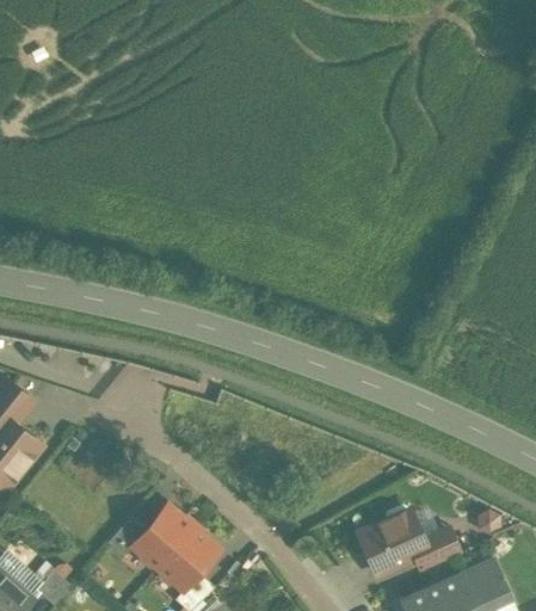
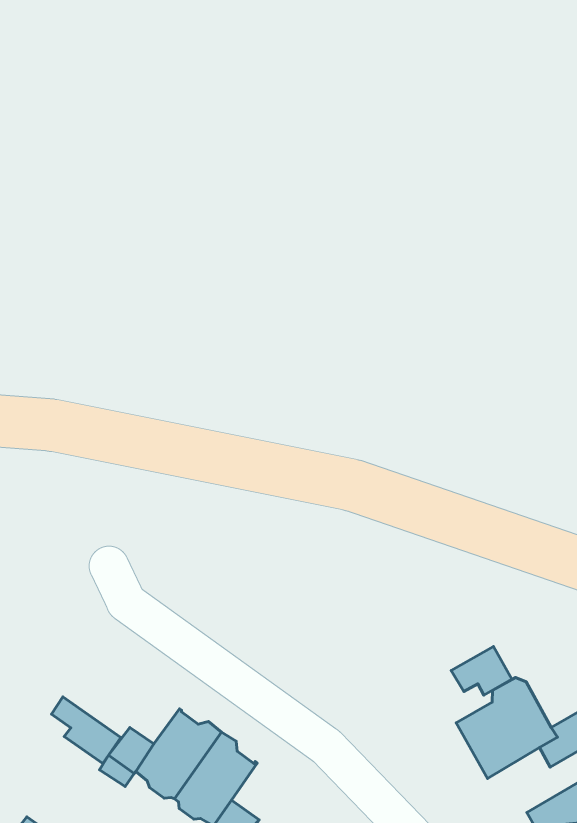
building: none -> [451,647,512,695]
building: none -> [51,697,121,764]

